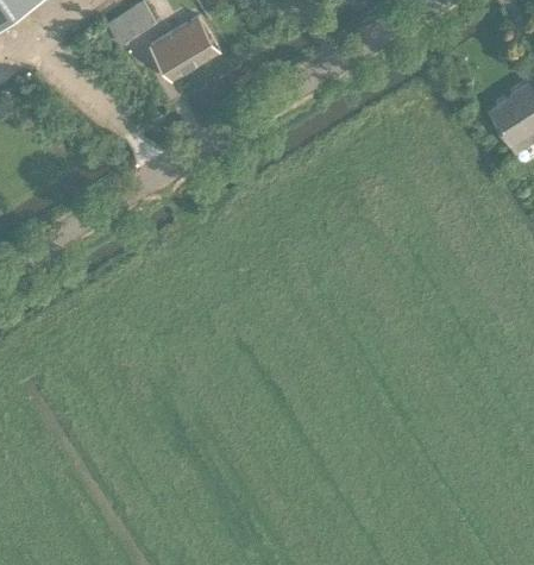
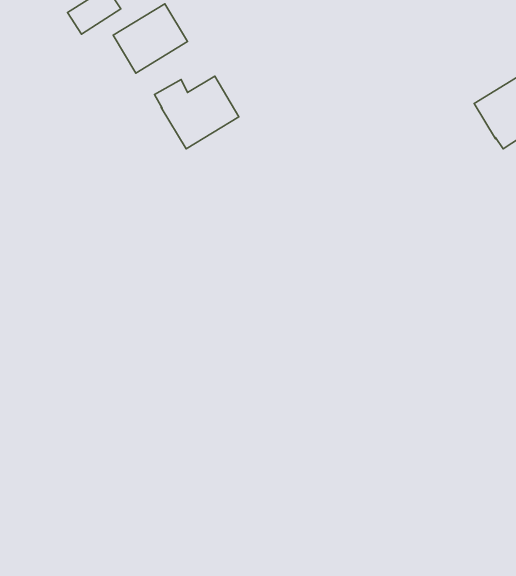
building: none -> [154,76,239,149]

